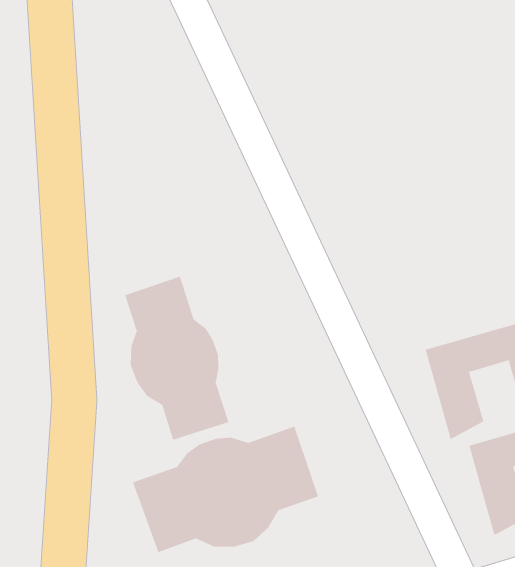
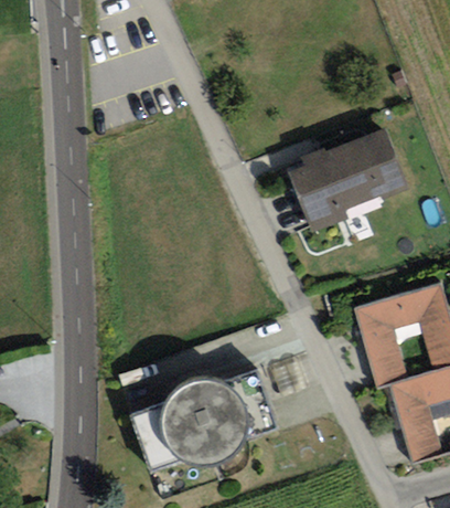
building: none -> [288,133,404,223]
building: [125,276,229,440] -> none

